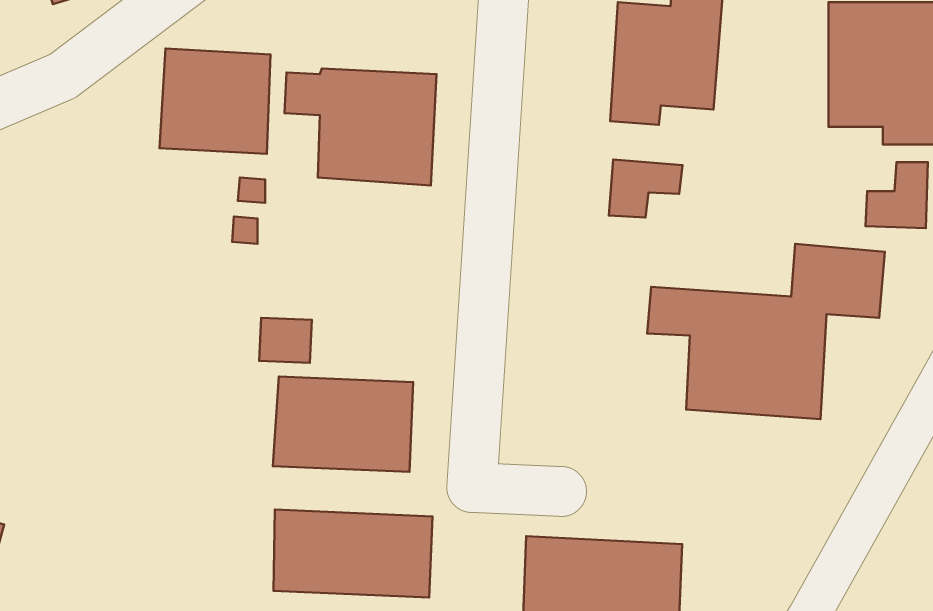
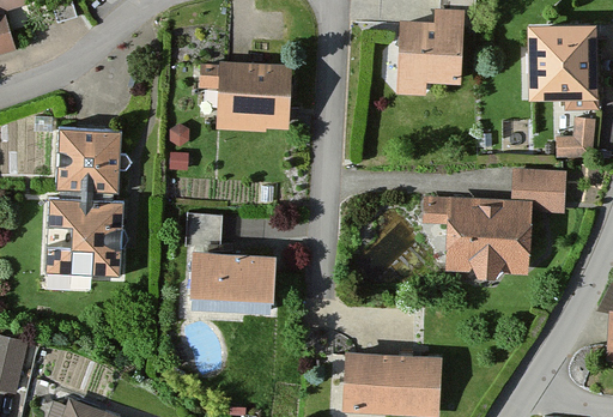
building: [160,49,271,154] -> [51,128,120,193]
building: [609,159,683,218] -> none
building: none -> [42,198,121,277]
building: [273,510,433,597] -> none

